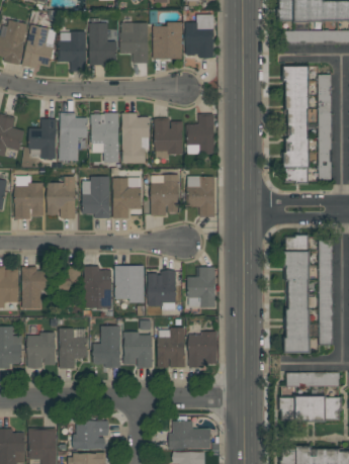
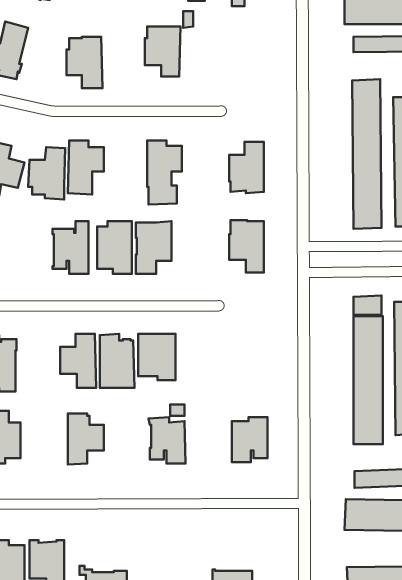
building: [186,16,214,58] -> none
building: [90,18,117,65] -> none
building: [154,22,182,59] -> none
building: [22,24,55,69] -> none
building: [90,113,119,163] -> none
building: [155,118,183,159] -> none
building: [151,175,180,216] -> none
building: [15,183,45,219] -> none
building: [22,266,50,308] -> none
building: [188,267,215,307] -> none
building: [148,272,176,310] -> none
building: [94,326,120,368] -> none
building: [158,328,185,368] -> none
building: [28,333,57,368] -> none
building: [74,421,109,450] -> none
building: [169,422,211,449] -> none

